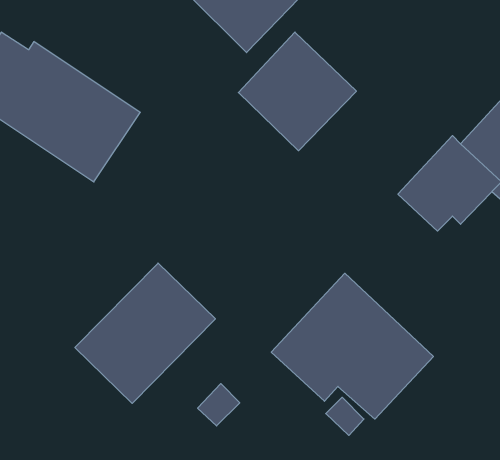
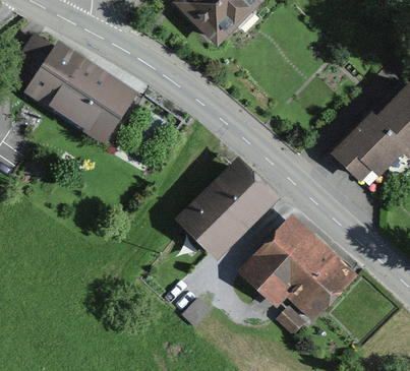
building: [238,32,356,151] -> none
building: [75,263,215,403] -> [174,156,279,260]

